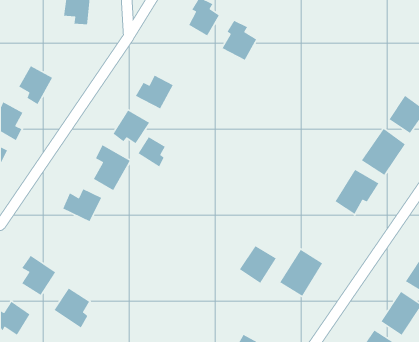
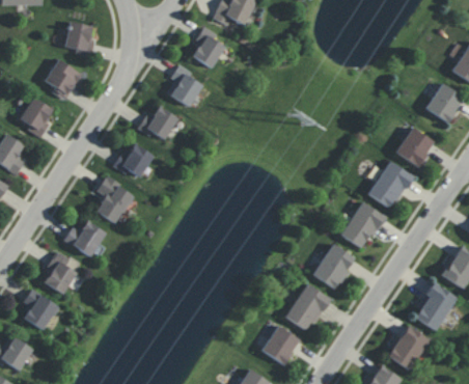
building: [221,20,257,61] -> [166,65,202,107]
building: none -> [45,59,82,102]
building: [137,136,166,167] -> none
building: none -> [313,244,355,290]
building: none -> [42,252,77,295]
building: [239,245,277,284] -> [261,326,300,365]
building: [53,288,90,328] -> none

